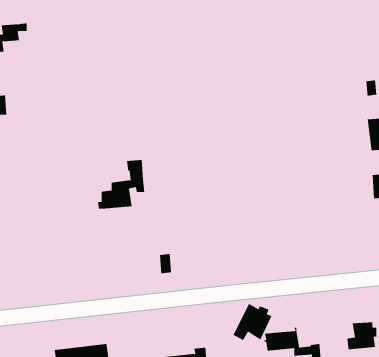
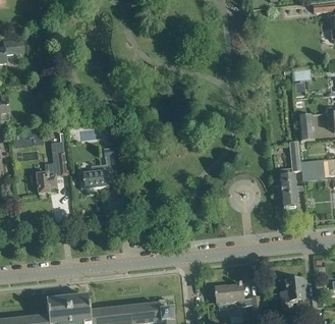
building: none -> [278,140,300,207]
building: none -> [31,142,67,193]
building: [233,303,272,341] -> none

